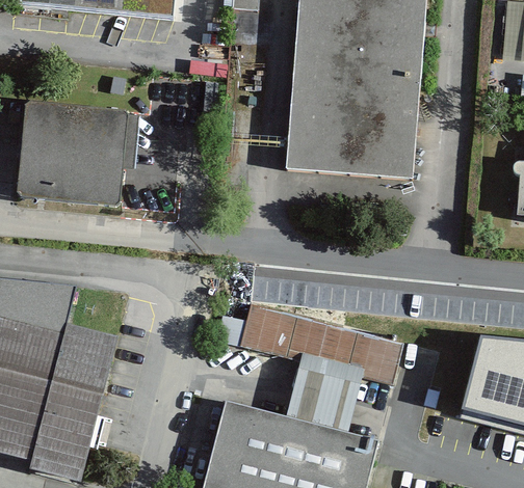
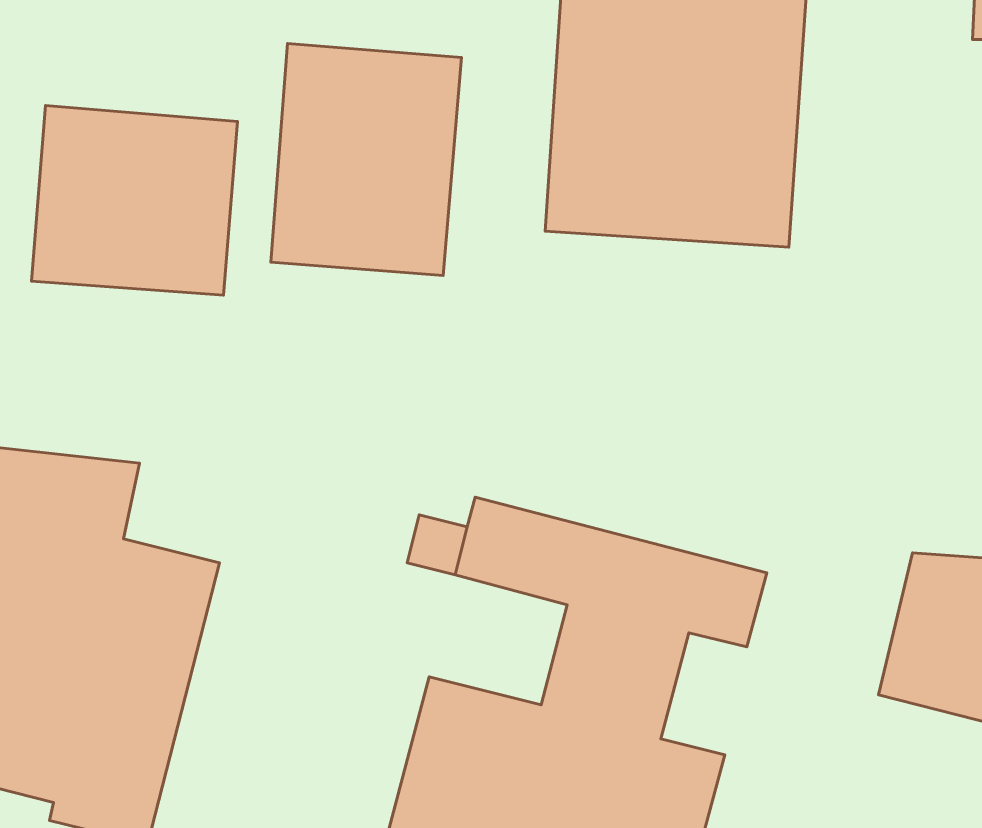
building: none -> [271,44,462,276]

